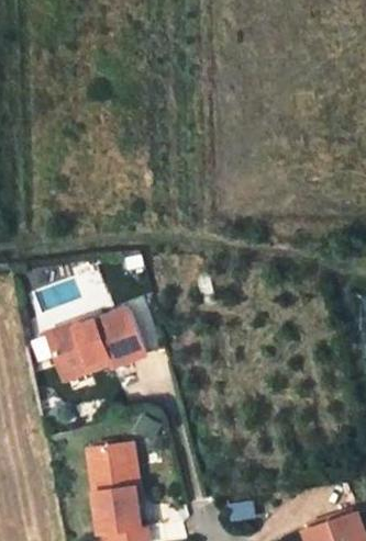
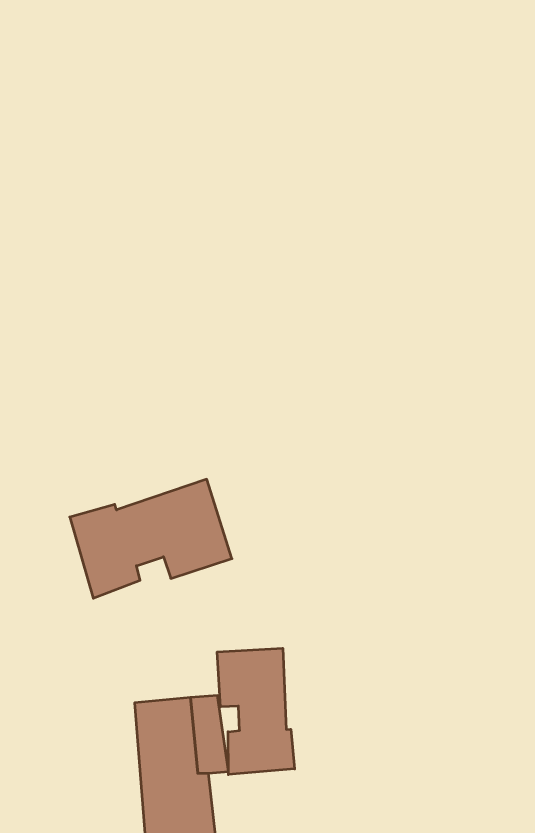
building: none -> [217,648,295,775]

